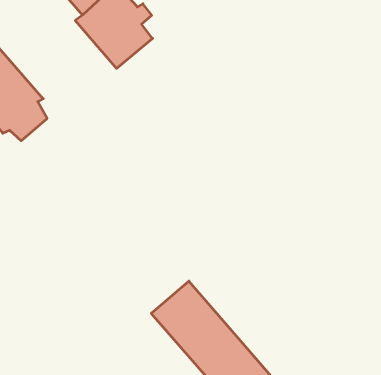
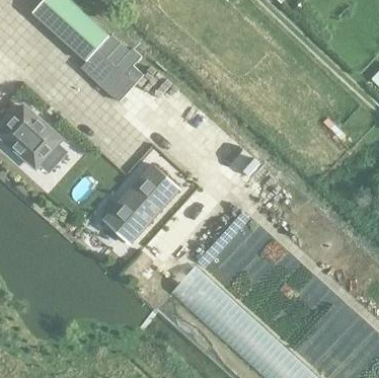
building: none -> [99,164,180,247]

